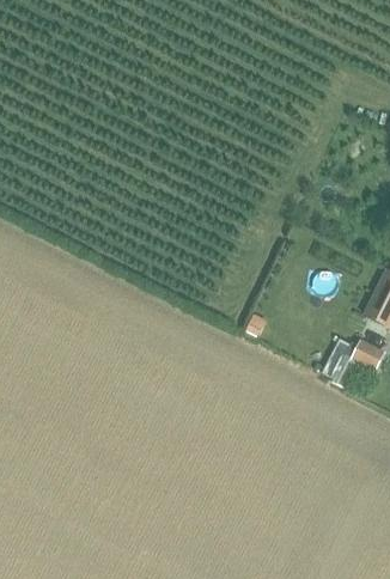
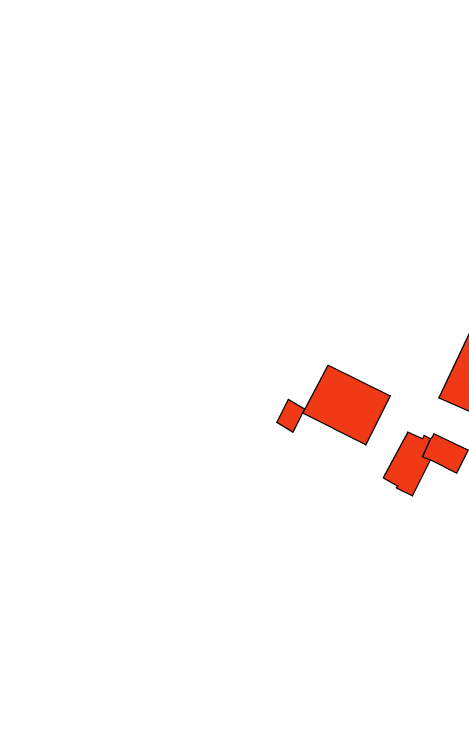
building: none -> [303,365,390,445]

